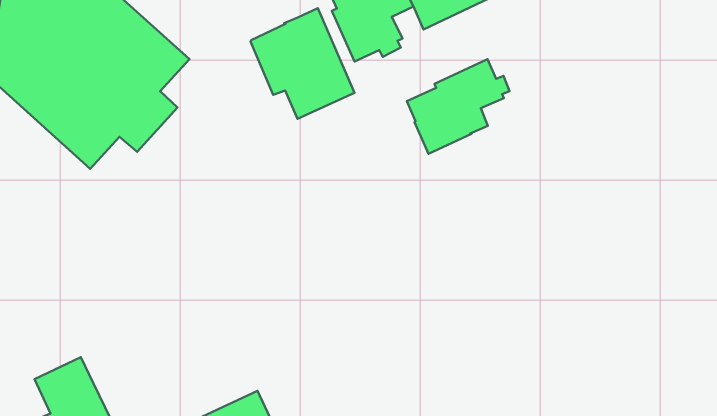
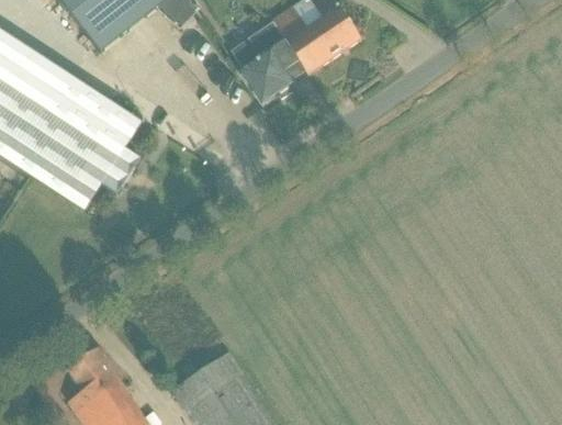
building: [251,8,354,119] -> none
building: [407,59,509,154] -> none

